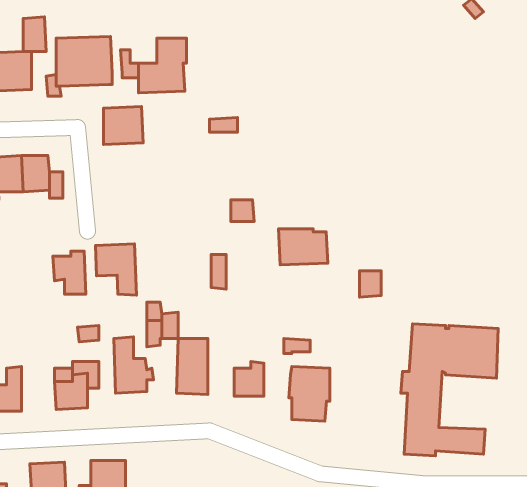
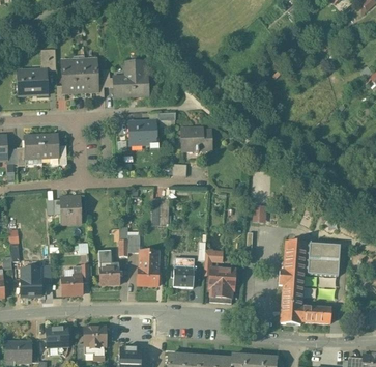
building: [103,106,143,144] -> [128,120,153,144]
building: [278,229,328,265] -> [180,128,211,150]
building: [95,244,137,295] -> none

